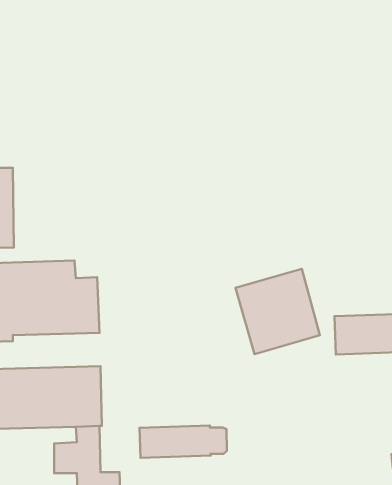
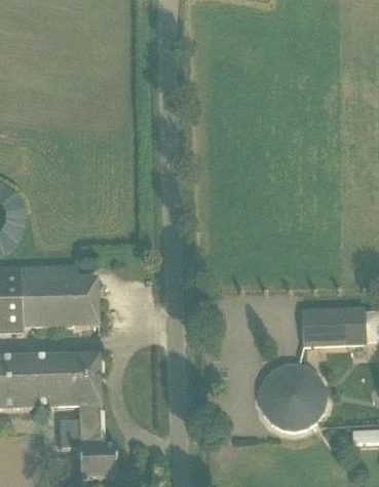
building: [235,269,320,354] -> [255,358,328,432]
building: [139,425,227,458] -> none

